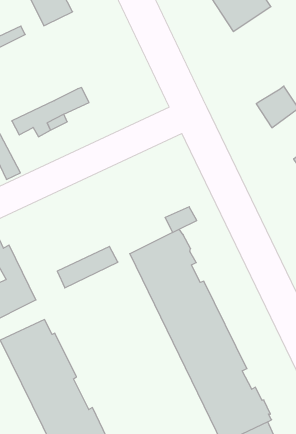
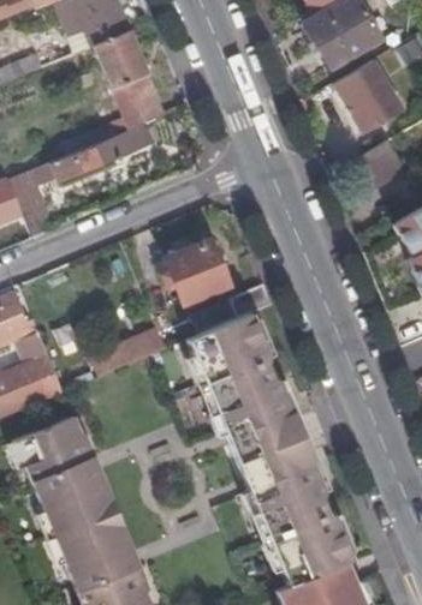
building: none -> [96,29,165,126]
building: none -> [333,58,403,131]
building: none -> [166,240,228,302]

